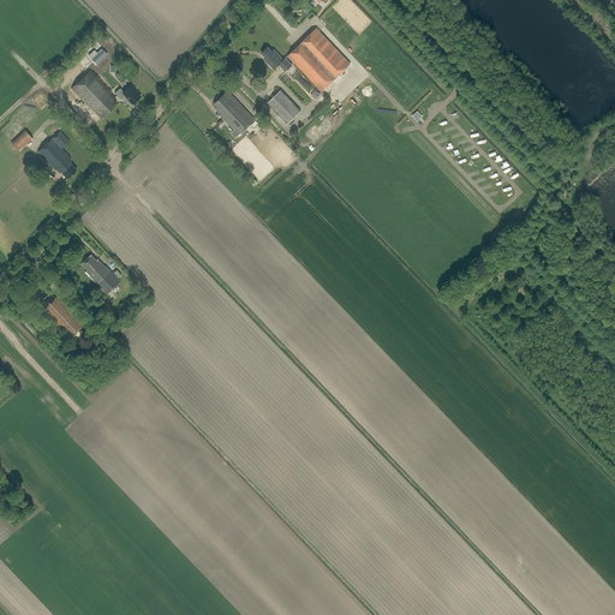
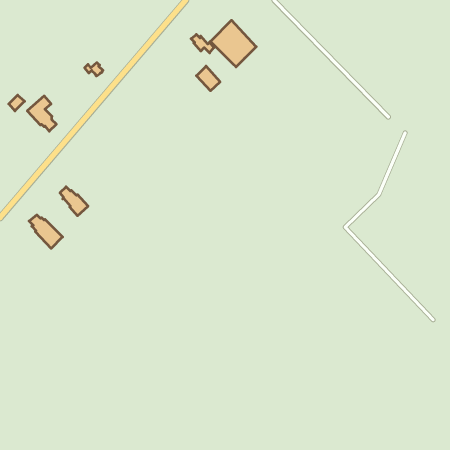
building: [71,71,120,119] -> none
building: [214,90,256,138] -> none

